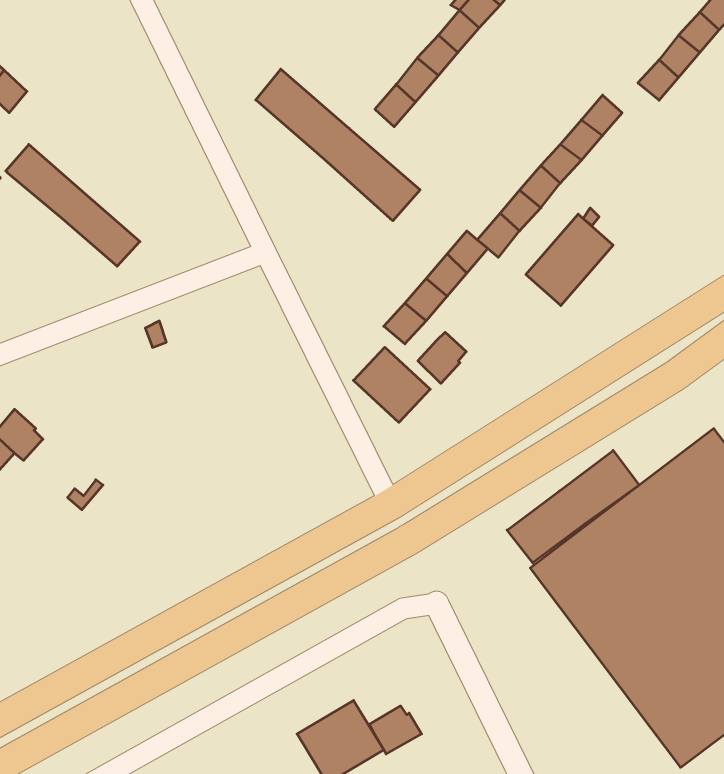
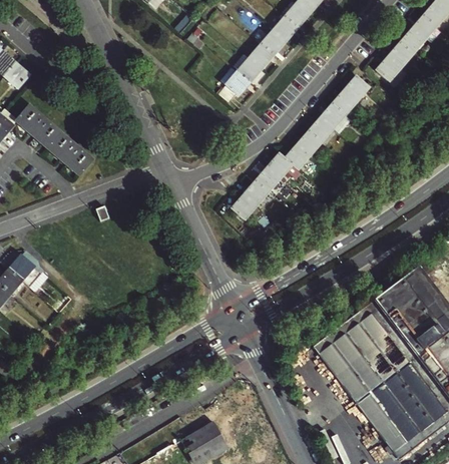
building: [256,69,420,221] -> none
building: [526,214,613,306] -> none
building: [418,332,466,383] -> none
building: [353,347,430,422] -> none
building: [507,450,639,563] -> none
building: [370,706,422,754] -> none

